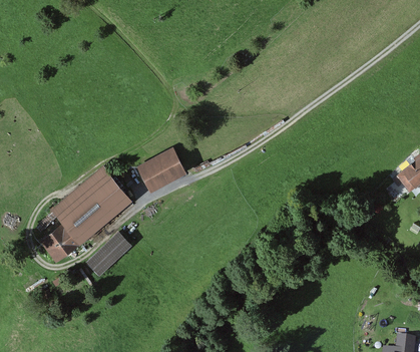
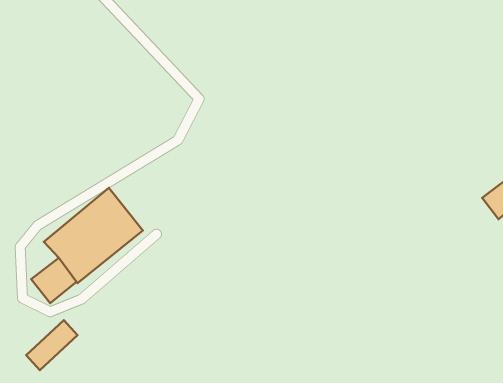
building: [135,147,183,191] -> none
building: [87,234,128,274] -> [26,320,77,370]

